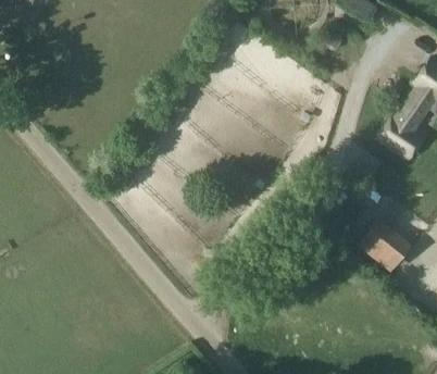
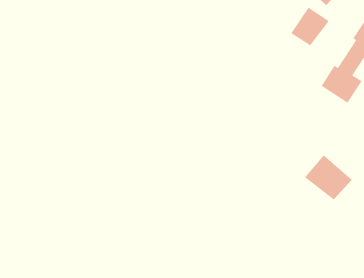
building: none -> [291,7,329,46]

